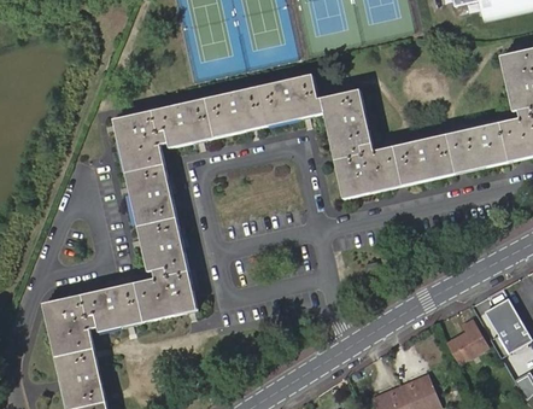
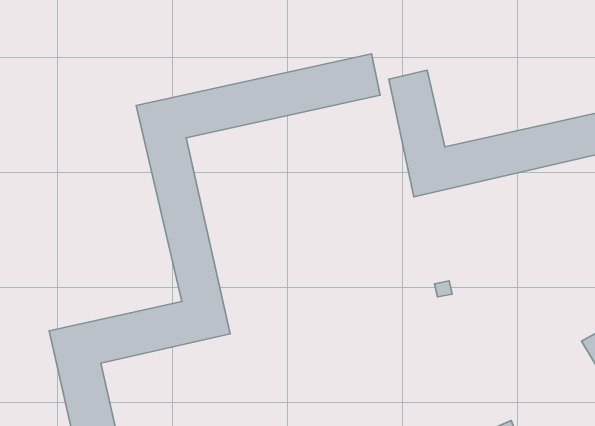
building: [449,305,490,361] -> none

